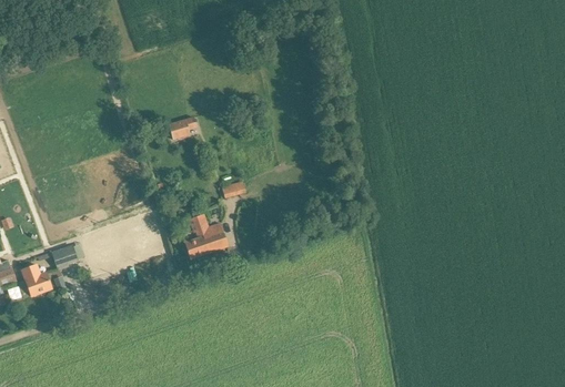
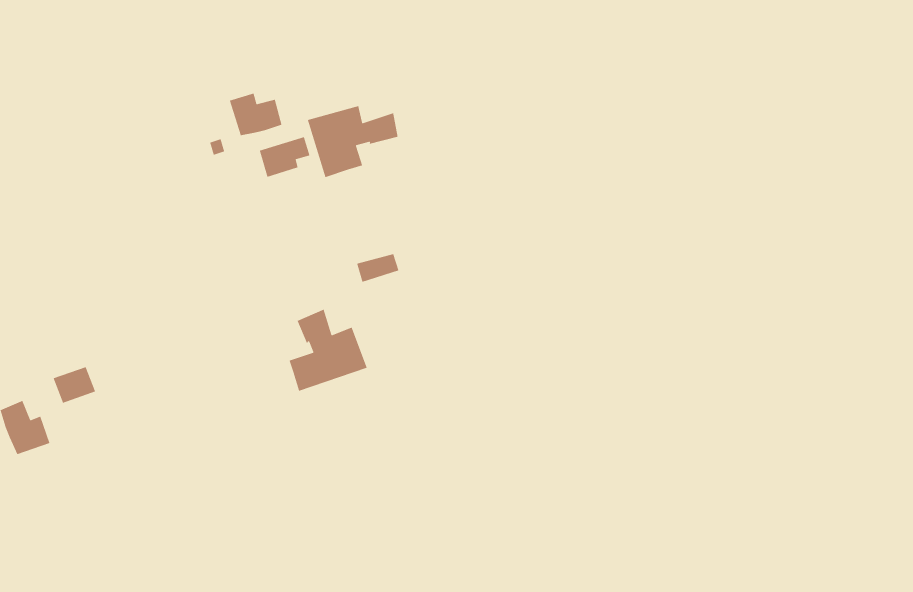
building: none -> [229,93,282,136]
building: none -> [307,105,399,178]

